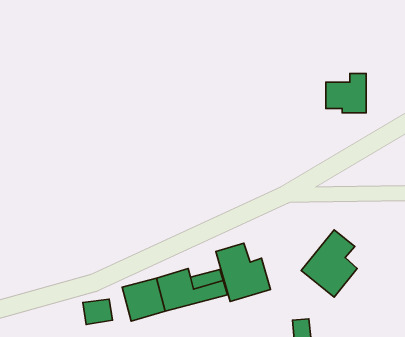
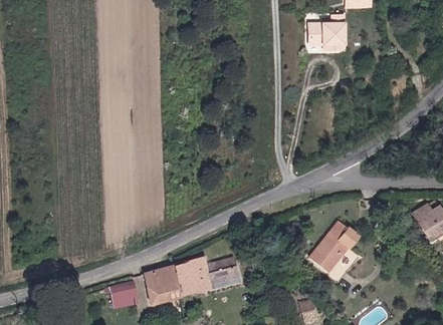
building: [326,73,366,113] -> [308,15,346,51]
building: [216,243,270,302] -> none

